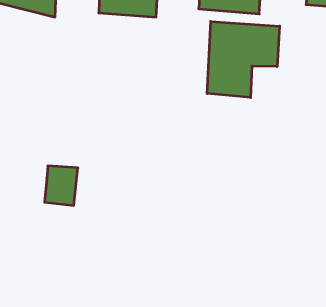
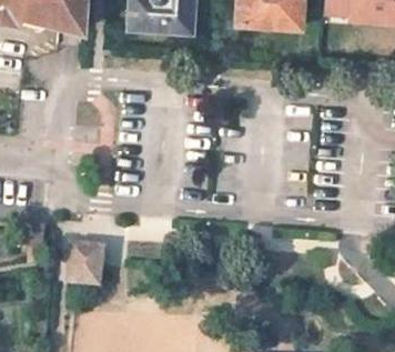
building: [207,21,280,98] -> none
building: [45,166,78,205] -> [69,244,104,286]

